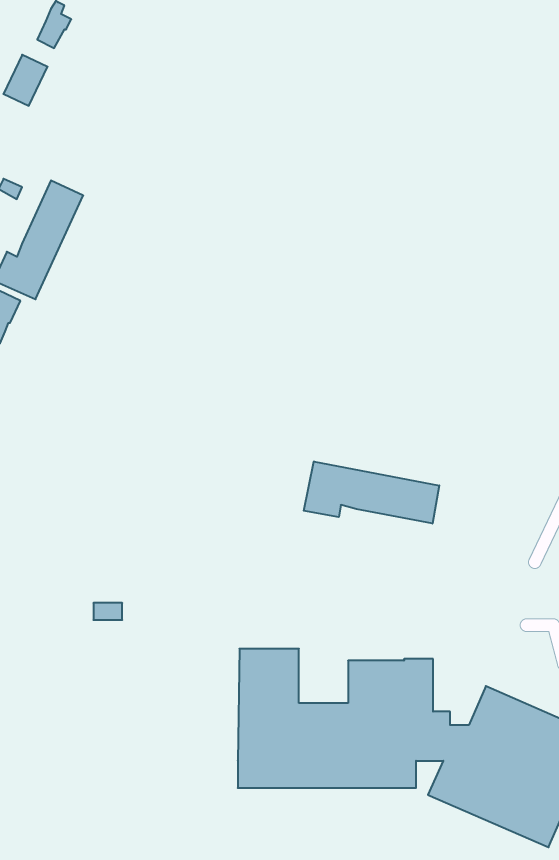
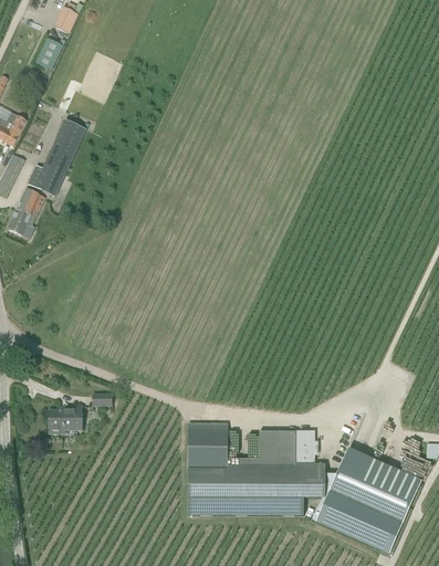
building: [304,461,439,524] -> none
building: none -> [49,406,82,433]

